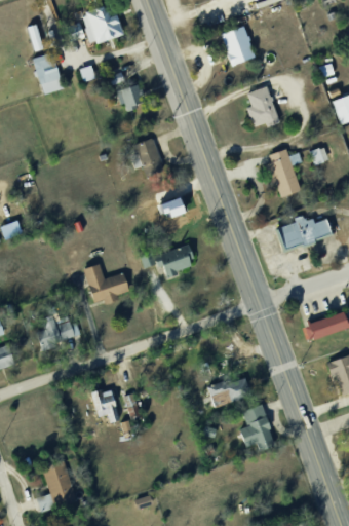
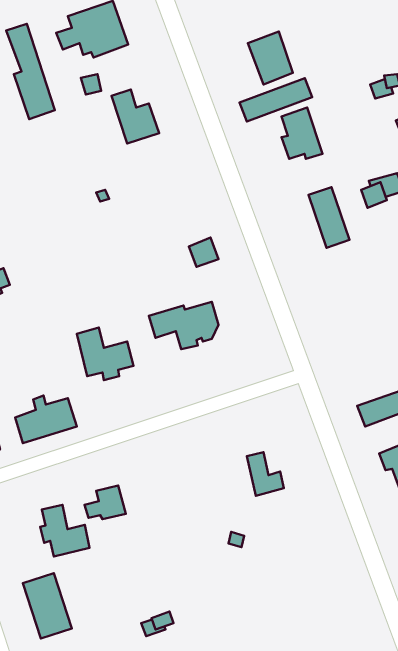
building: none -> [239,78,312,122]
building: [132,138,163,176] -> none
building: [276,216,333,253] -> none
building: [237,400,273,452] -> none
building: none -> [40,505,89,557]

